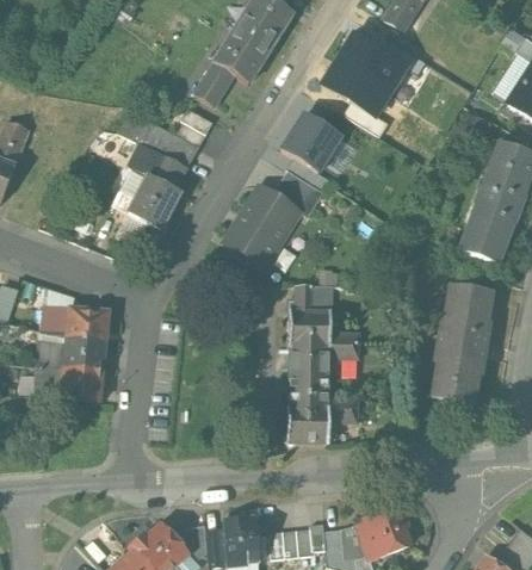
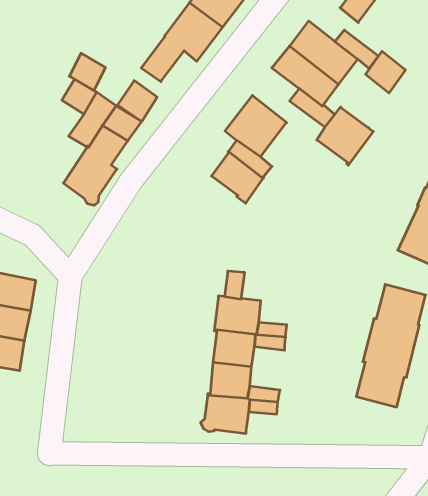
building: none -> [366,51,405,93]
building: none -> [69,53,105,90]
building: none -> [317,107,373,165]
building: [225,185,299,266] -> none

